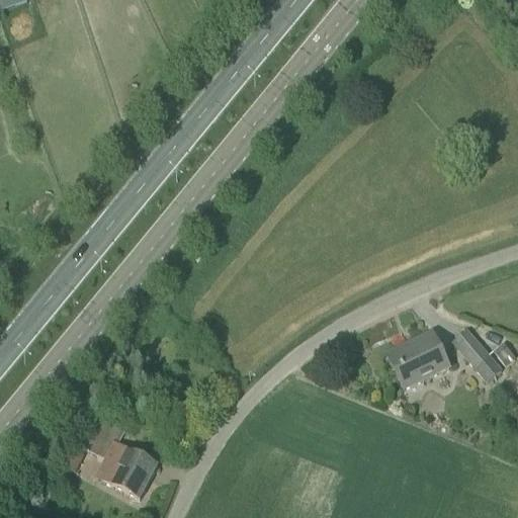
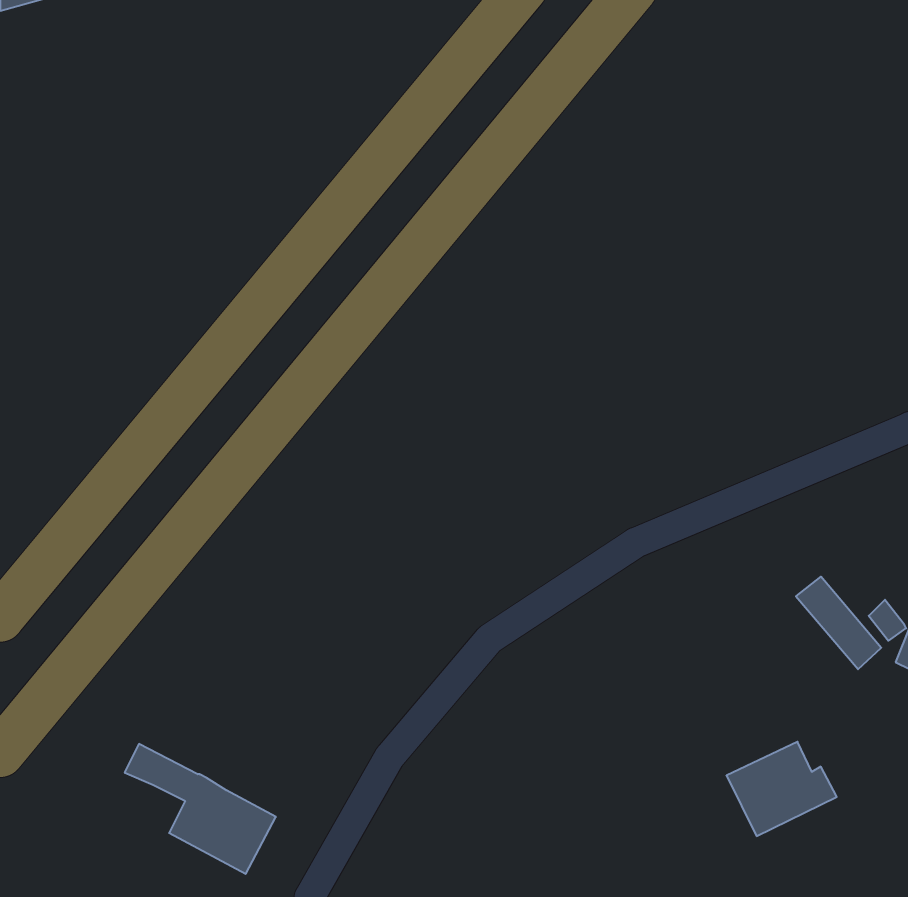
building: [387,333,450,386] -> [726,742,837,836]

